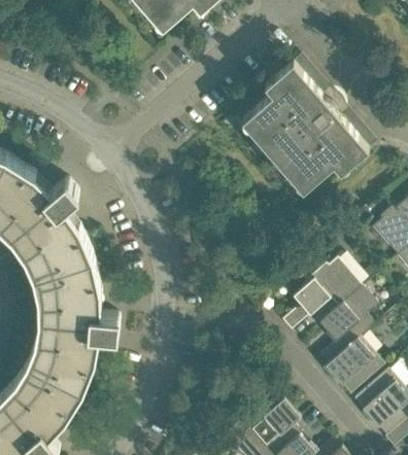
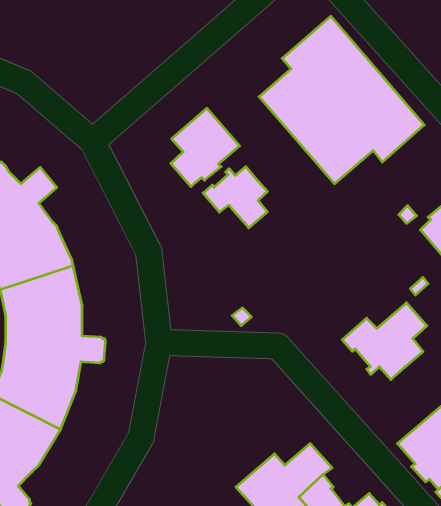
building: none -> [171,108,240,187]
building: none -> [203,167,267,228]
building: [292,260,360,319] -> none
building: [318,341,383,398] -> none

